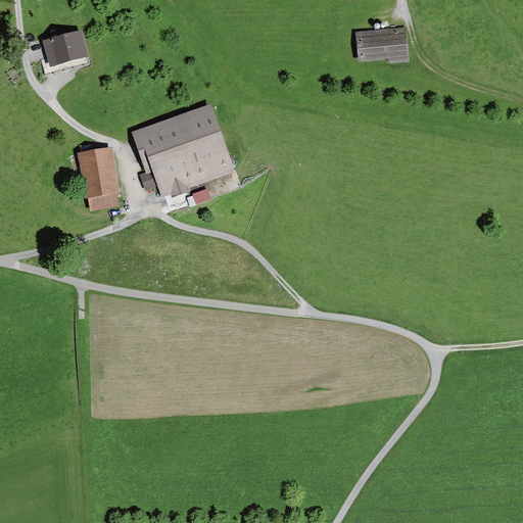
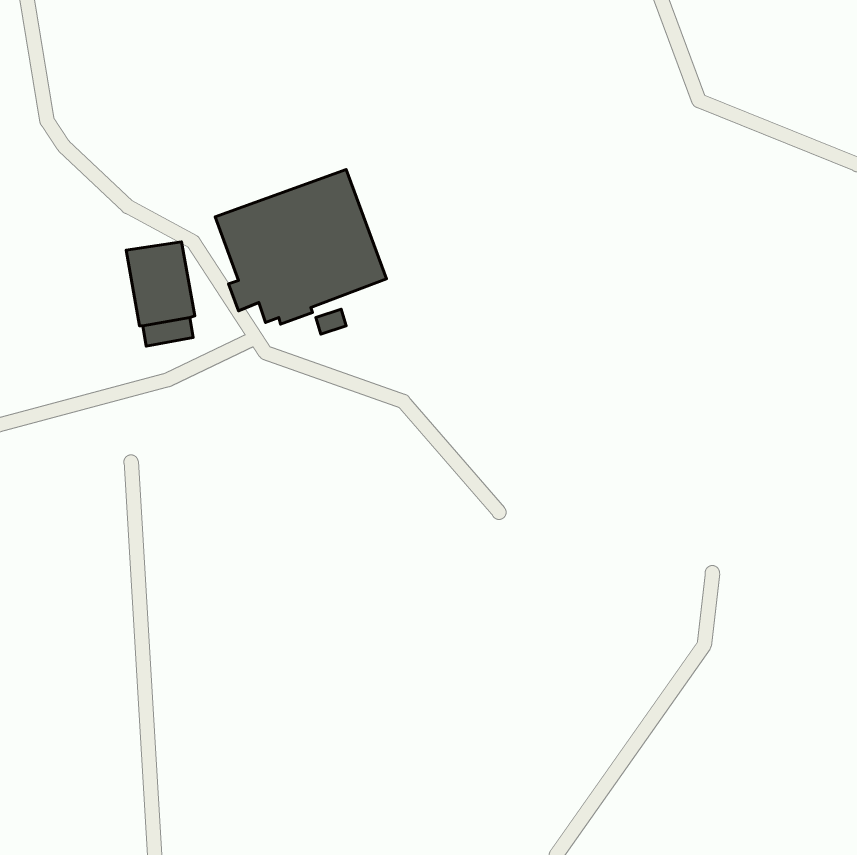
building: [355,26,409,62] -> none
building: [40,29,88,73] -> none

